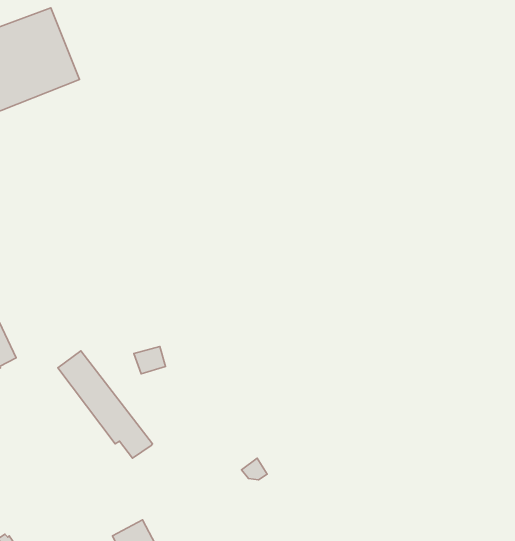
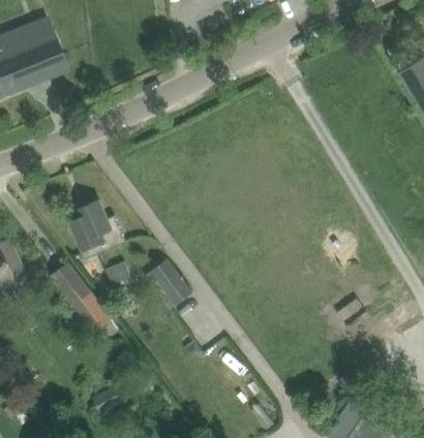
building: none -> [69,199,126,259]
building: none -> [151,259,192,305]

